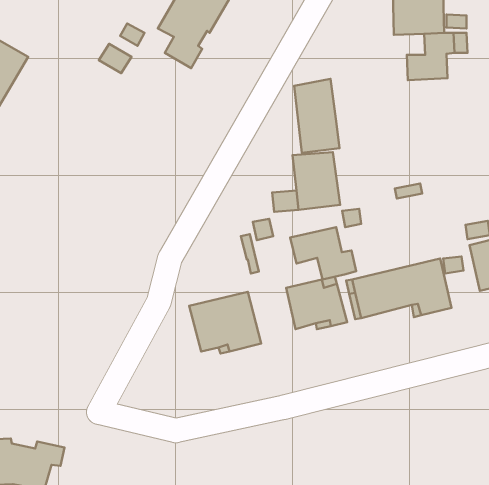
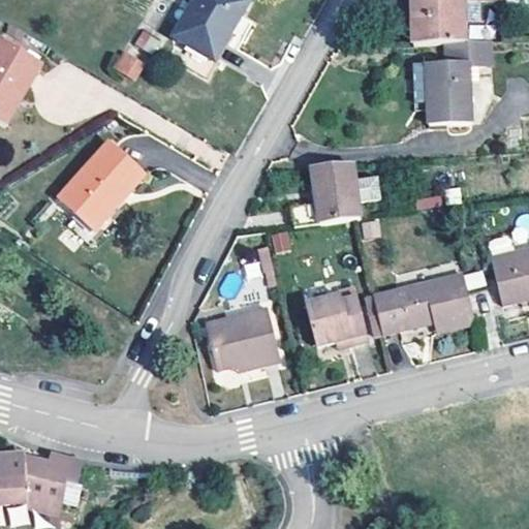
building: none -> [429,87,470,124]
building: [294,79,340,153] -> none
building: none -> [59,143,145,229]
building: [290,227,356,279] -> none

